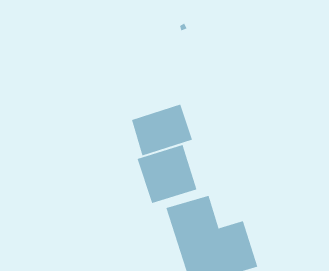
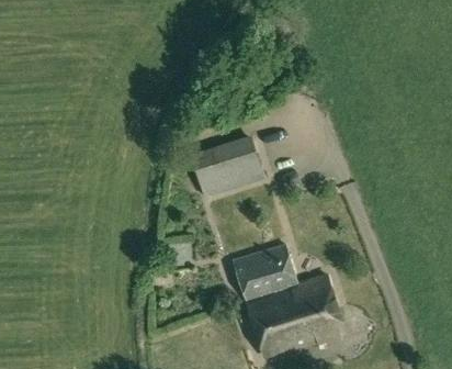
building: [137,144,197,204] -> none

